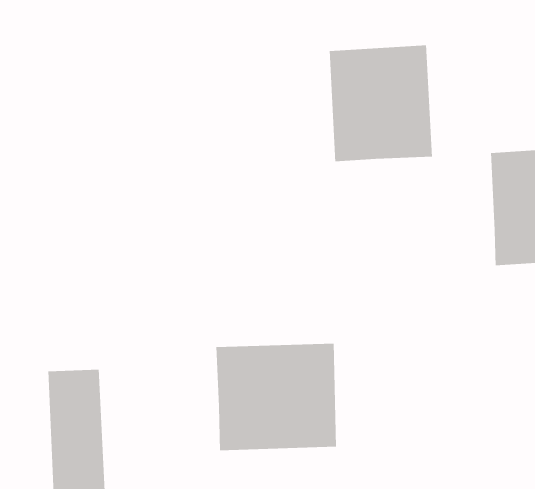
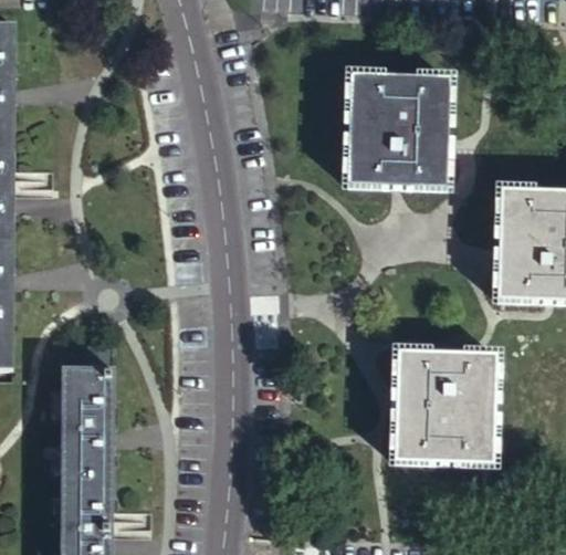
building: none -> [388,354,491,465]
building: [216,343,337,451] -> none

